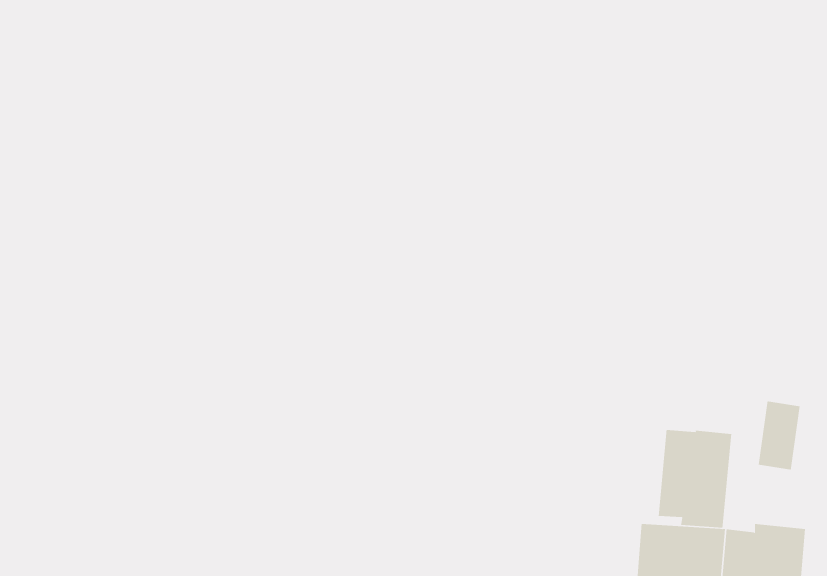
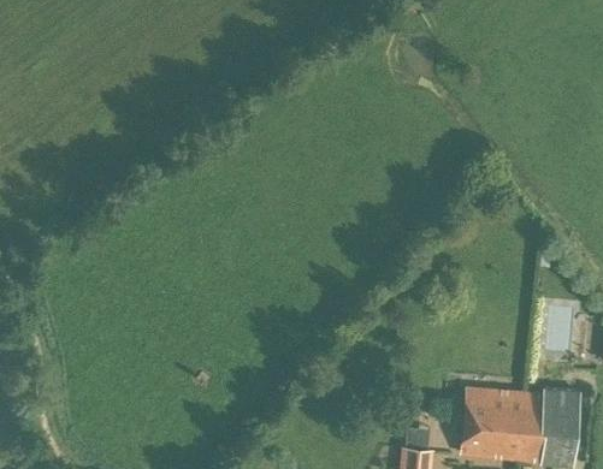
building: [658,429,732,529] -> none

